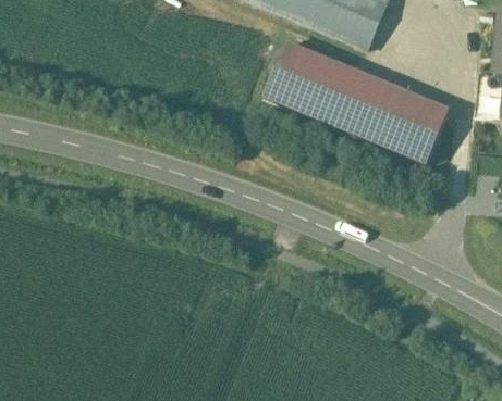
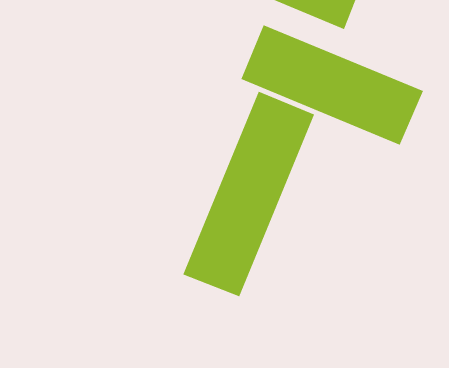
building: none -> [183,91,315,297]

